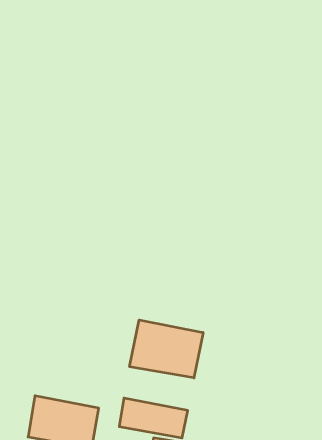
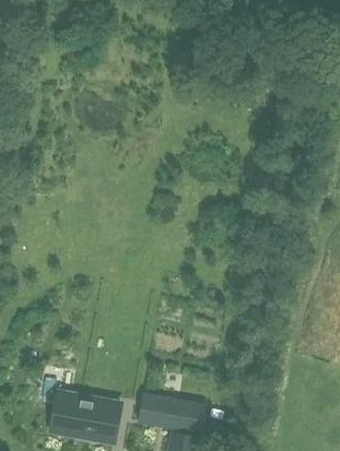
building: [130,320,203,378] -> none

